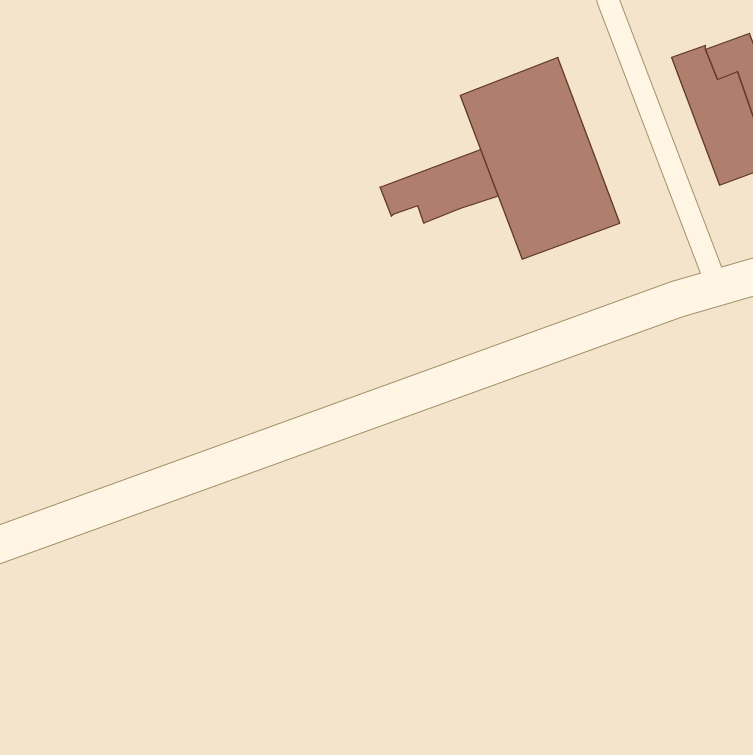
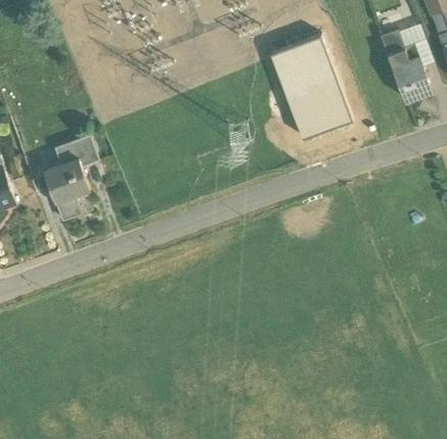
building: [380,150,498,223] -> none
building: none -> [43,134,97,219]

